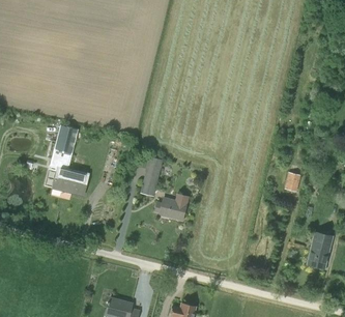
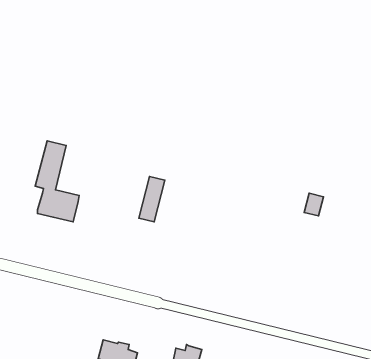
building: [154,193,188,221] -> none
building: [307,232,332,268] -> none

